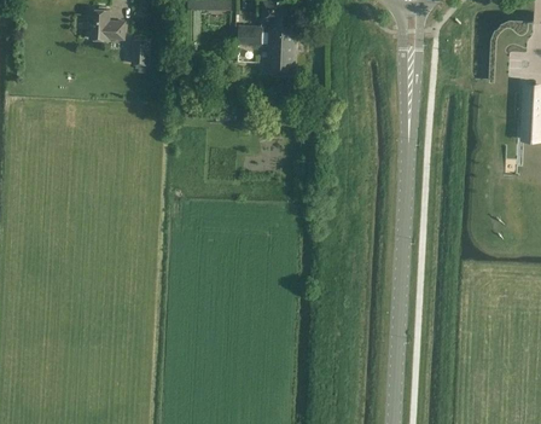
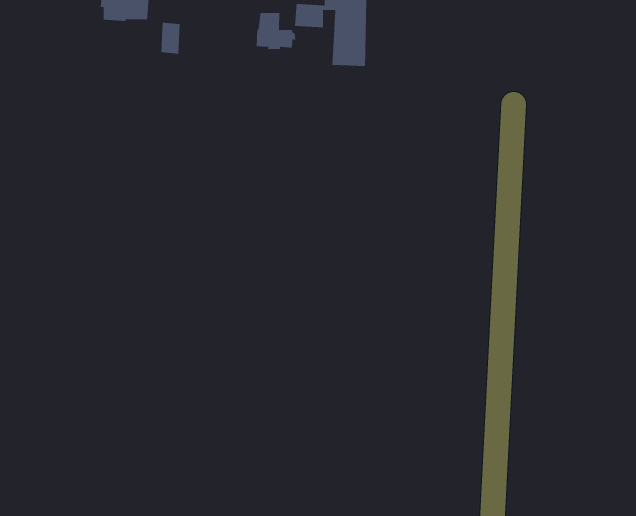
building: none -> [256,12,296,50]

